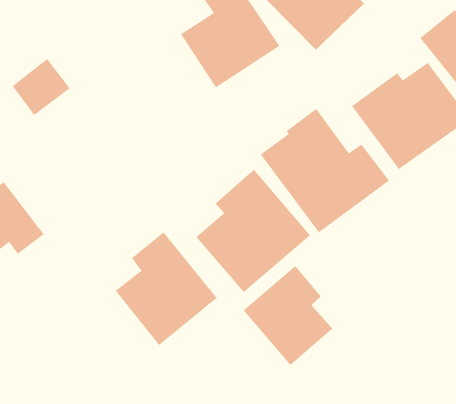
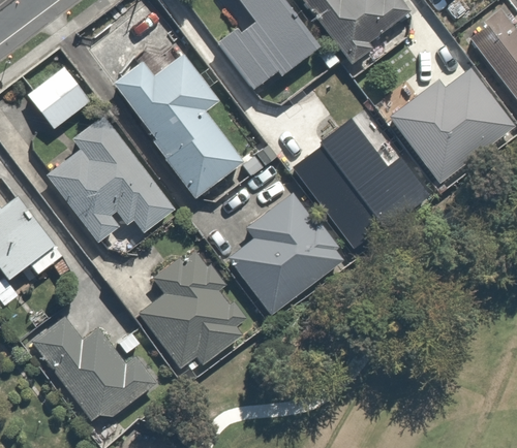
building: none -> [113,49,241,196]
building: none -> [42,116,175,246]
building: [243,265,333,366] -> none
building: none -> [26,310,155,423]

